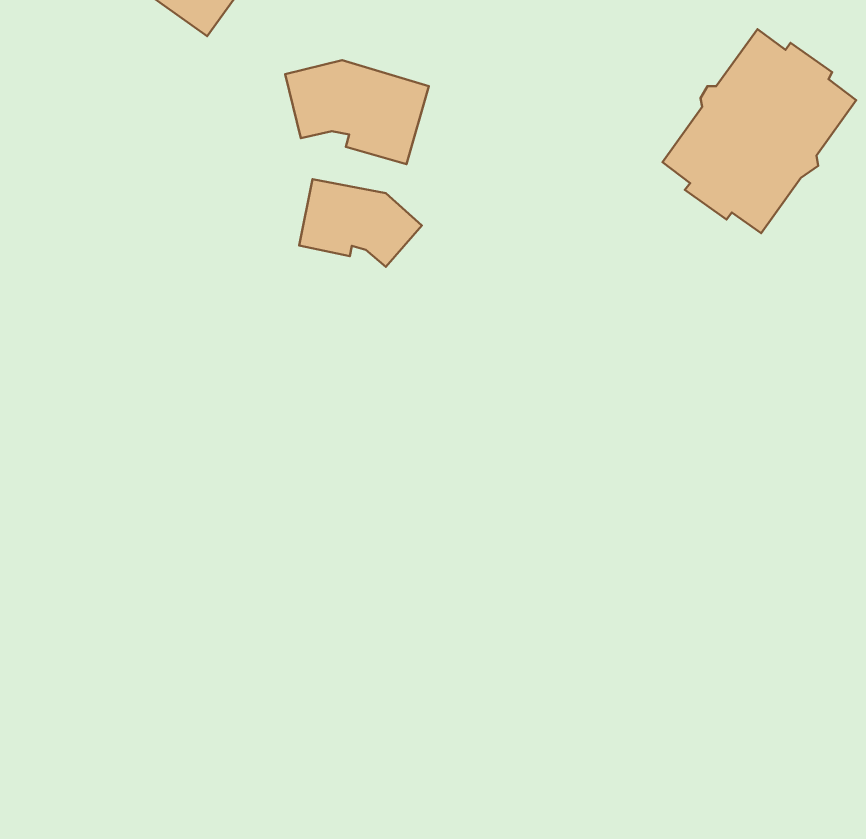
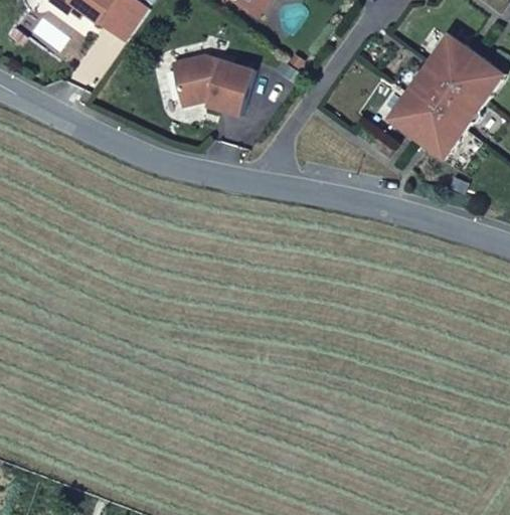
building: [299,179,422,267] -> none

